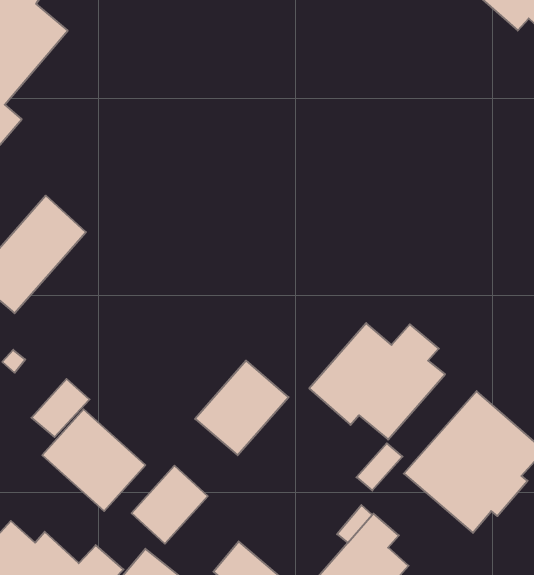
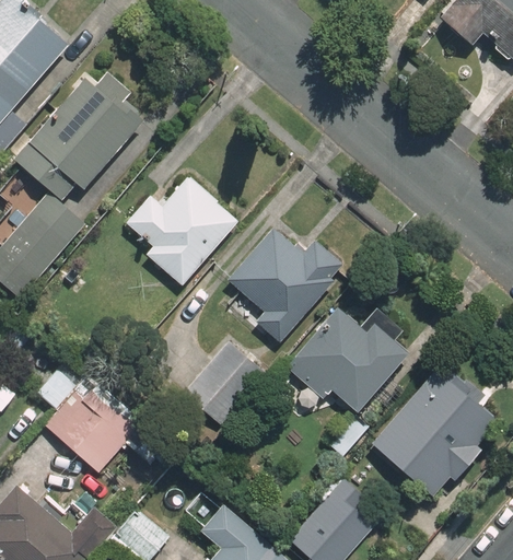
building: none -> [14,78,143,201]
building: none -> [125,177,238,285]
building: none -> [226,228,342,342]
building: [132,466,208,544] -> none

